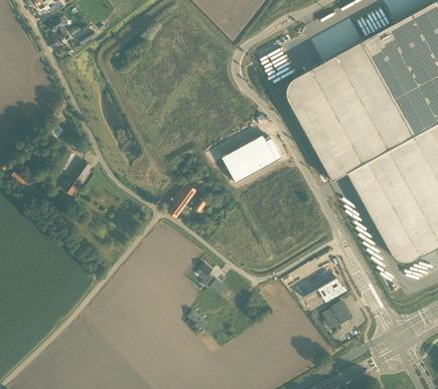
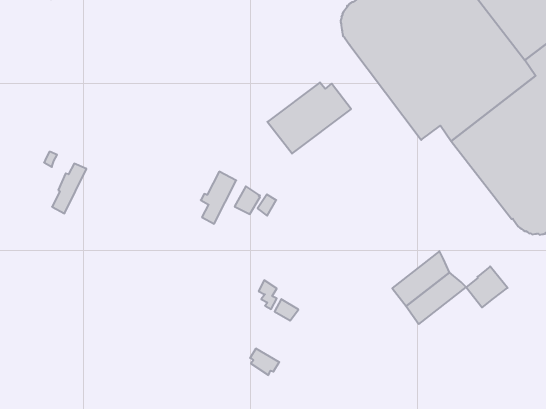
building: [322,302,351,330] -> [466,266,508,307]

